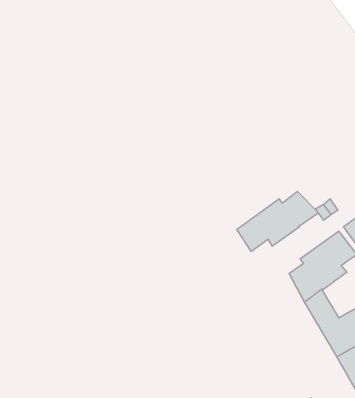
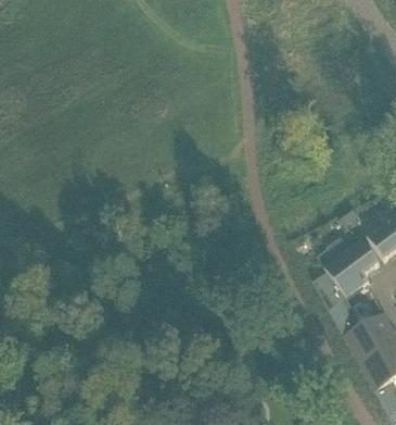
building: [237,192,318,251] -> none

